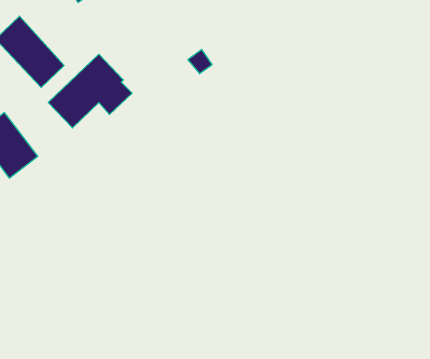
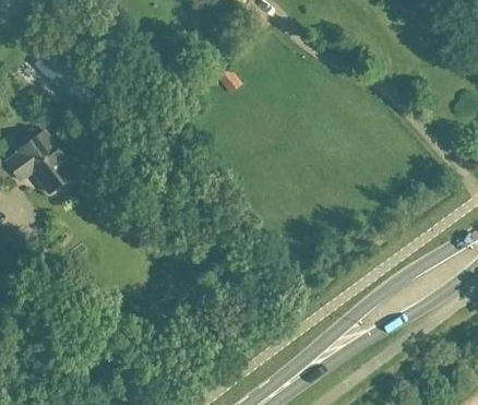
building: [48,54,132,128] -> none

